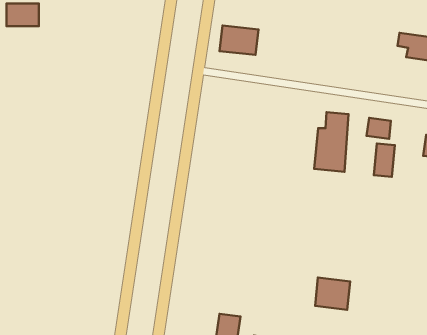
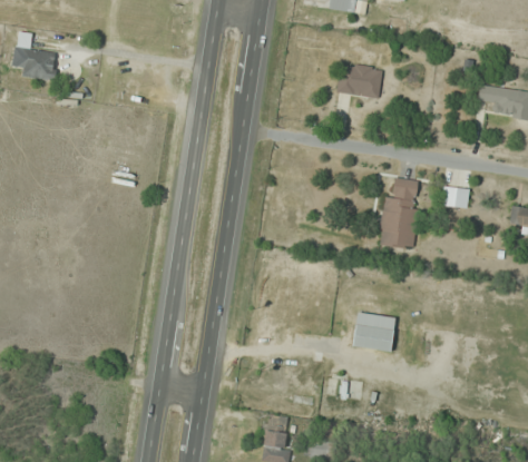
building: [220,26,258,55] -> [336,63,382,98]
building: [374,144,395,177] -> none
building: [315,278,350,310] -> [353,314,394,352]

